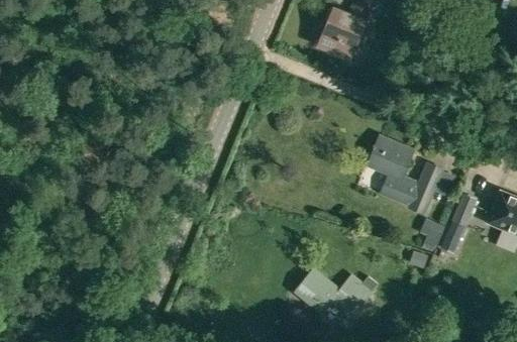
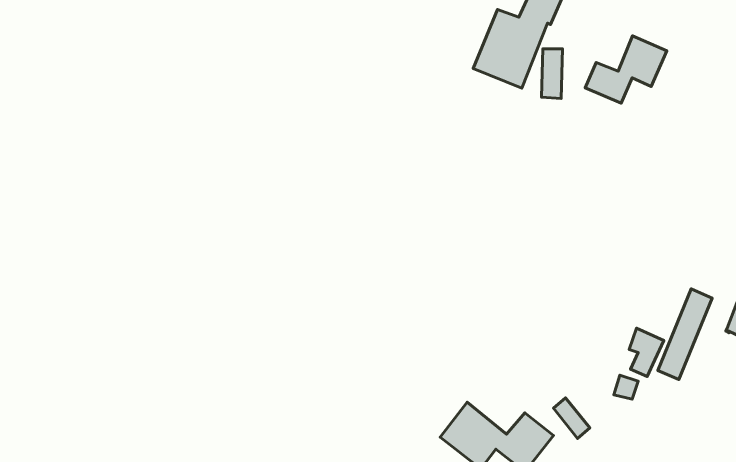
building: none -> [585,36,667,103]
building: [368,136,443,216] -> none

